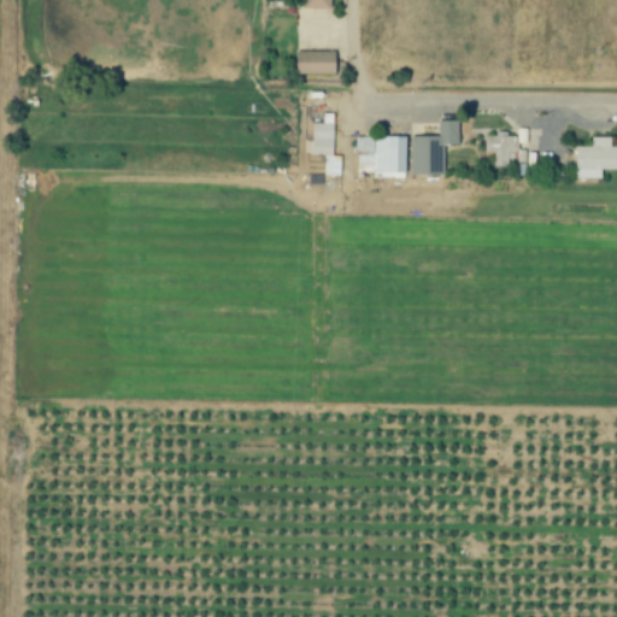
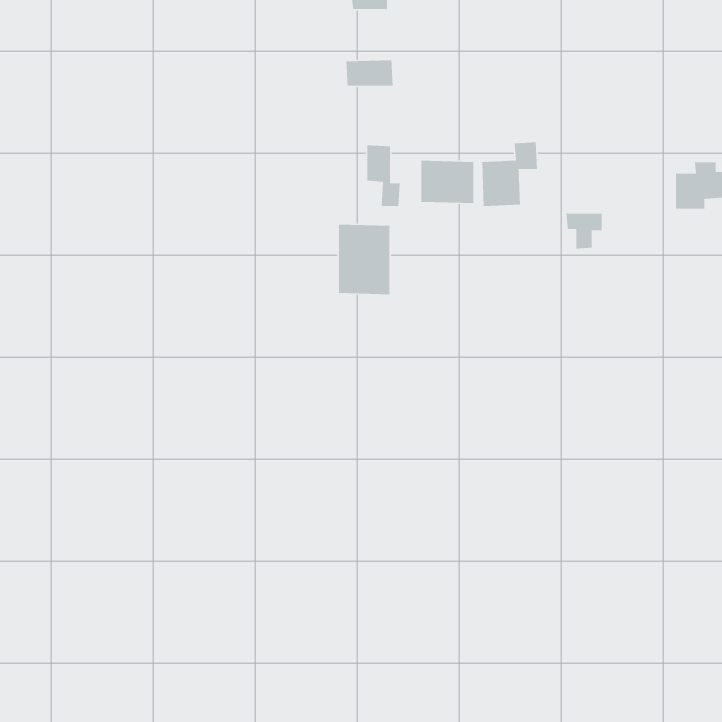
building: [487,136,518,168] -> [566,213,602,250]
building: none -> [338,224,390,295]

